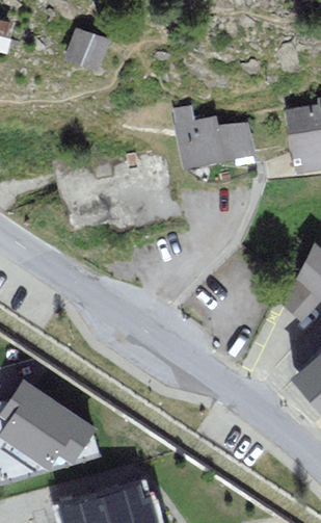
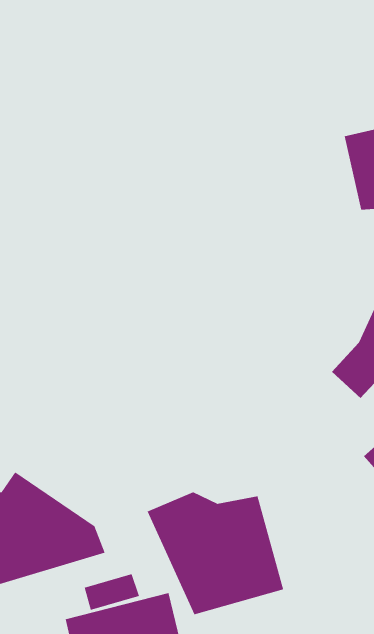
building: [69,29,109,68] -> none
building: [168,106,253,174] -> none
building: none -> [147,491,284,615]

